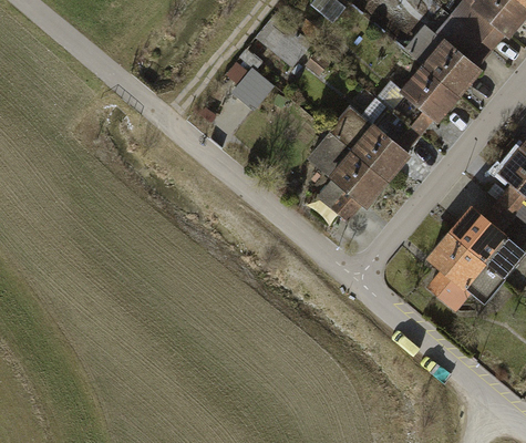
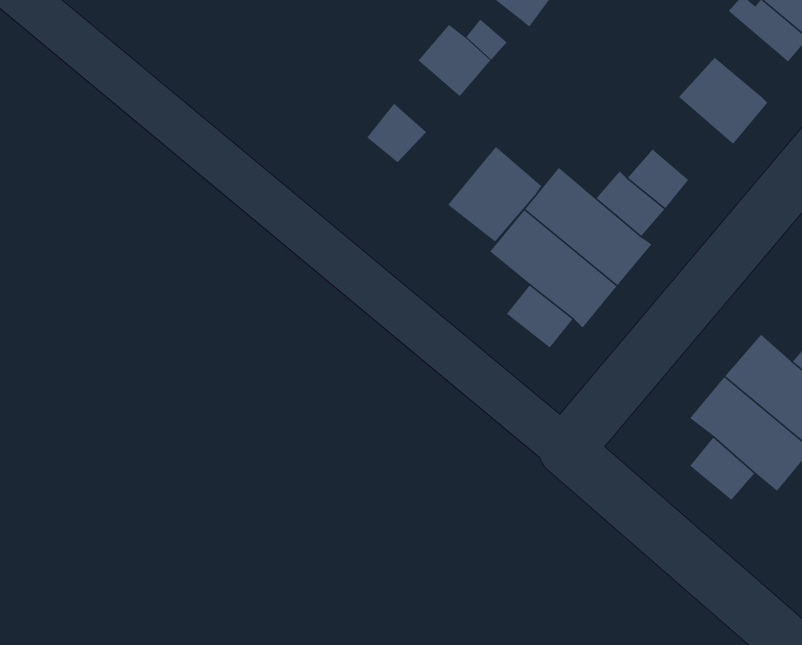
building: [440,13,489,64] -> none
building: [401,65,456,119] -> none
building: none -> [447,146,542,243]

